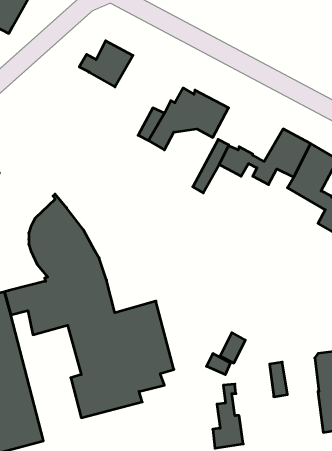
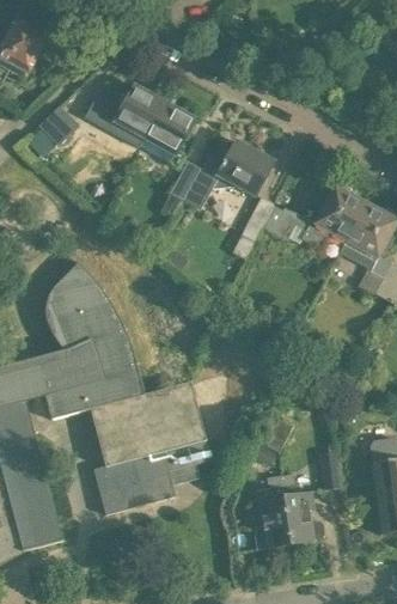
building: none -> [143,100,194,166]
building: none -> [37,105,78,145]
building: none -> [276,472,323,544]

